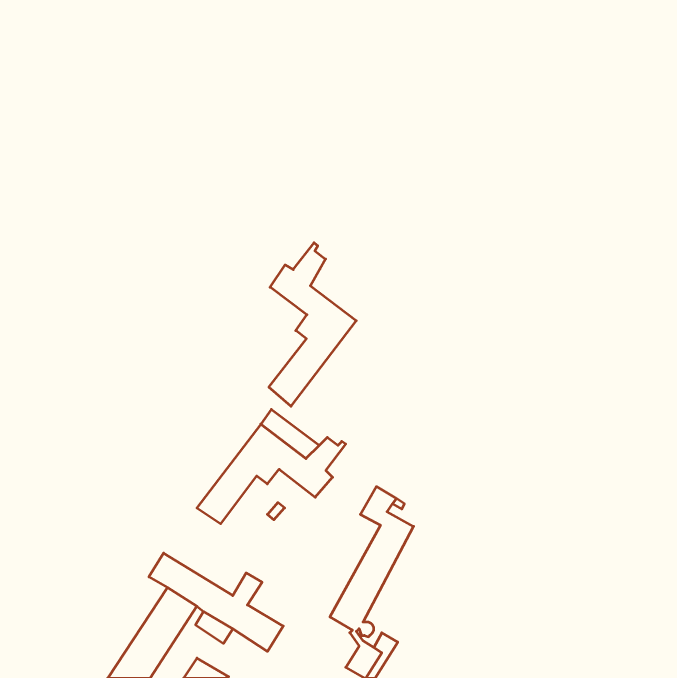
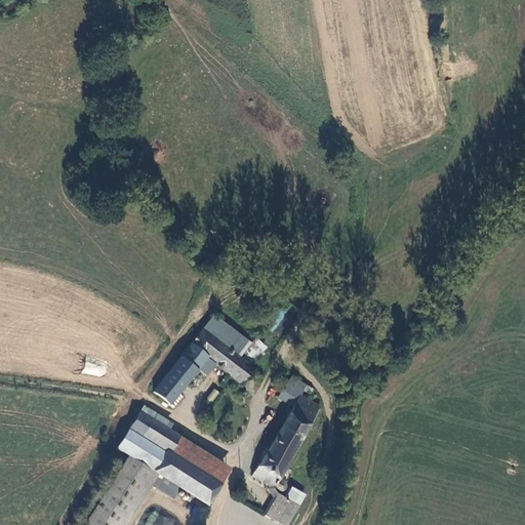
building: [269,243,356,406] -> none
building: none -> [128,410,192,459]
building: none -> [193,449,231,483]

